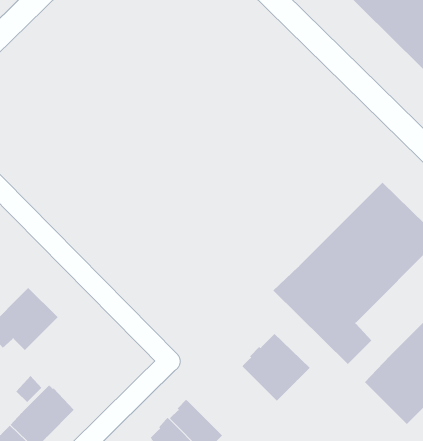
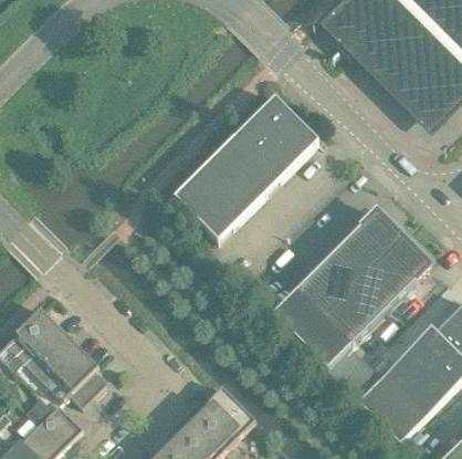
building: none -> [174,95,318,240]
building: none -> [34,338,105,406]
building: [241,333,310,402] -> [189,386,255,451]

